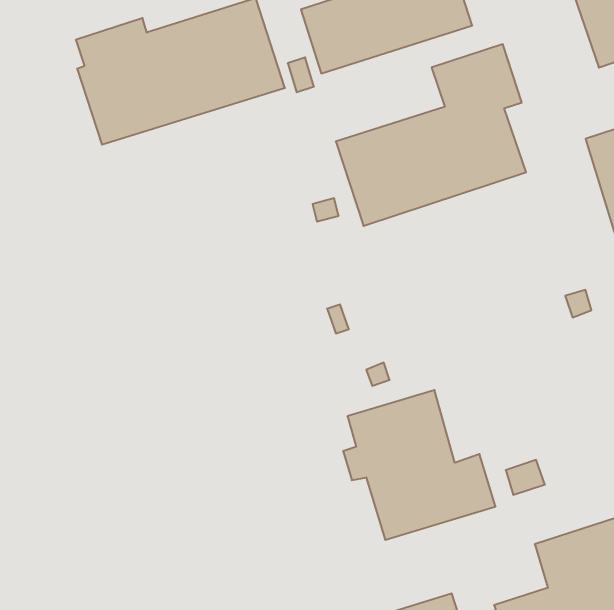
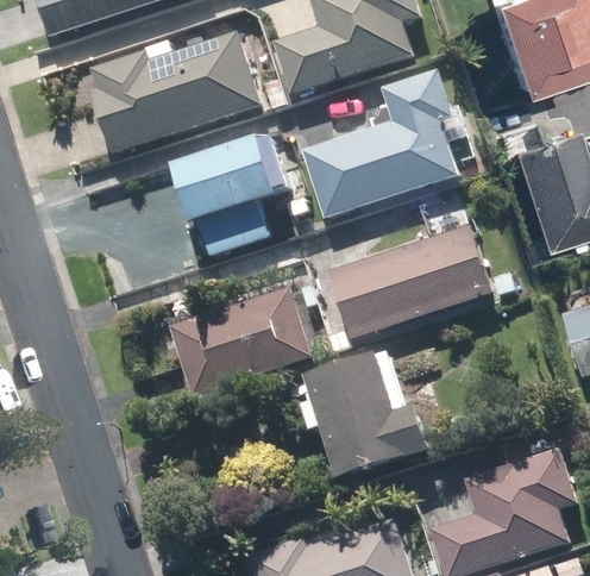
building: none -> [180,137,295,255]
building: none -> [328,224,491,339]
building: none -> [169,289,312,399]

